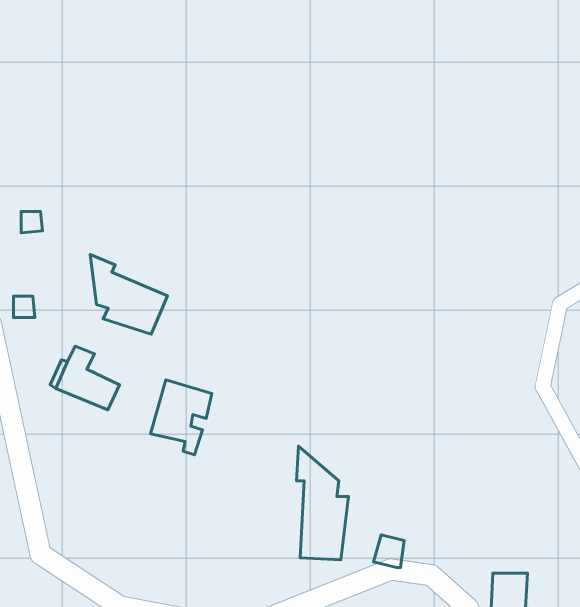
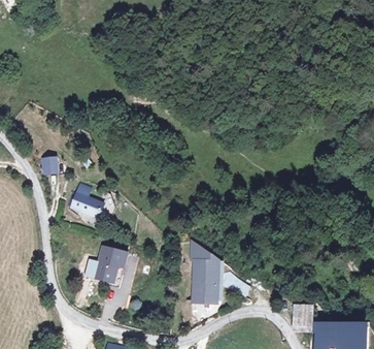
building: [90,254,168,334] -> none
building: [150,380,212,455] -> [93,241,126,281]

